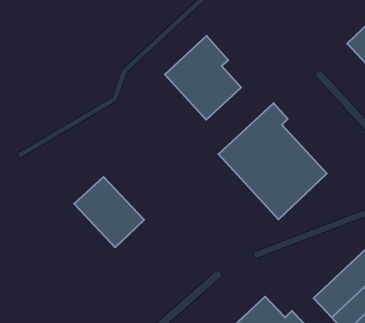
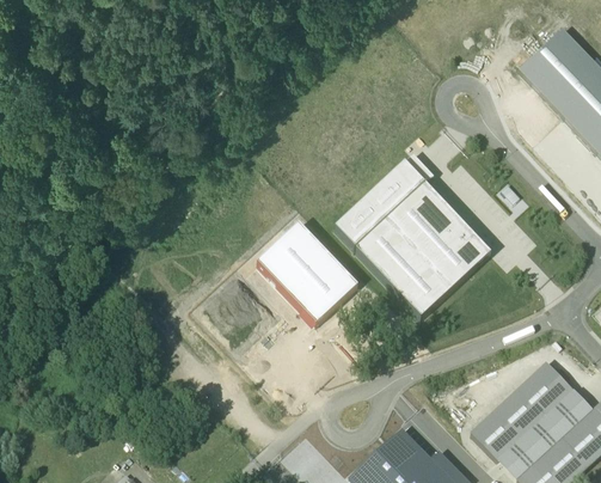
building: [165,36,241,120] -> none
building: [74,177,144,247] -> [256,224,356,324]

